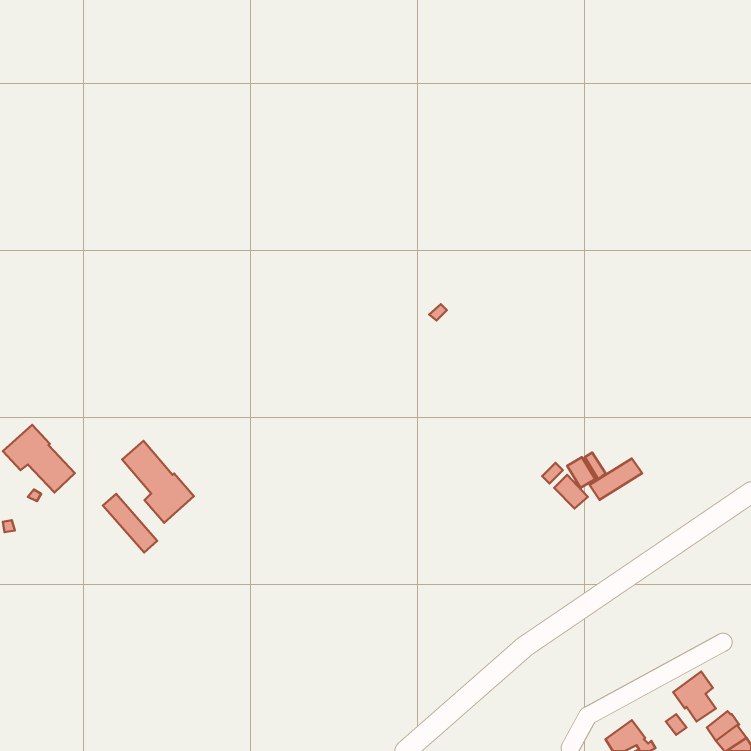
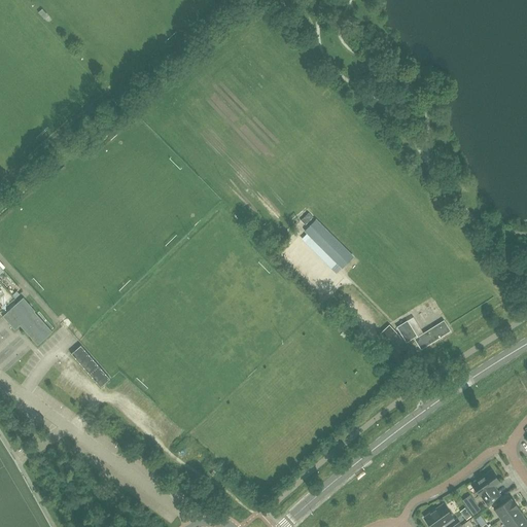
building: none -> [305,220,353,268]
building: [122,441,194,523] -> none

